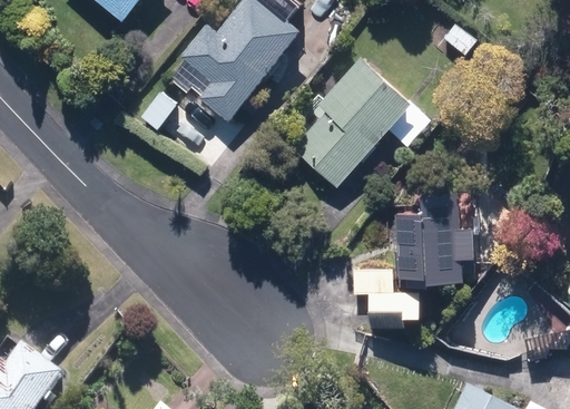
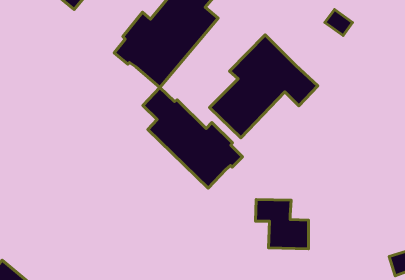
building: none -> [143,88,242,188]
building: [394,194,474,288] -> none

